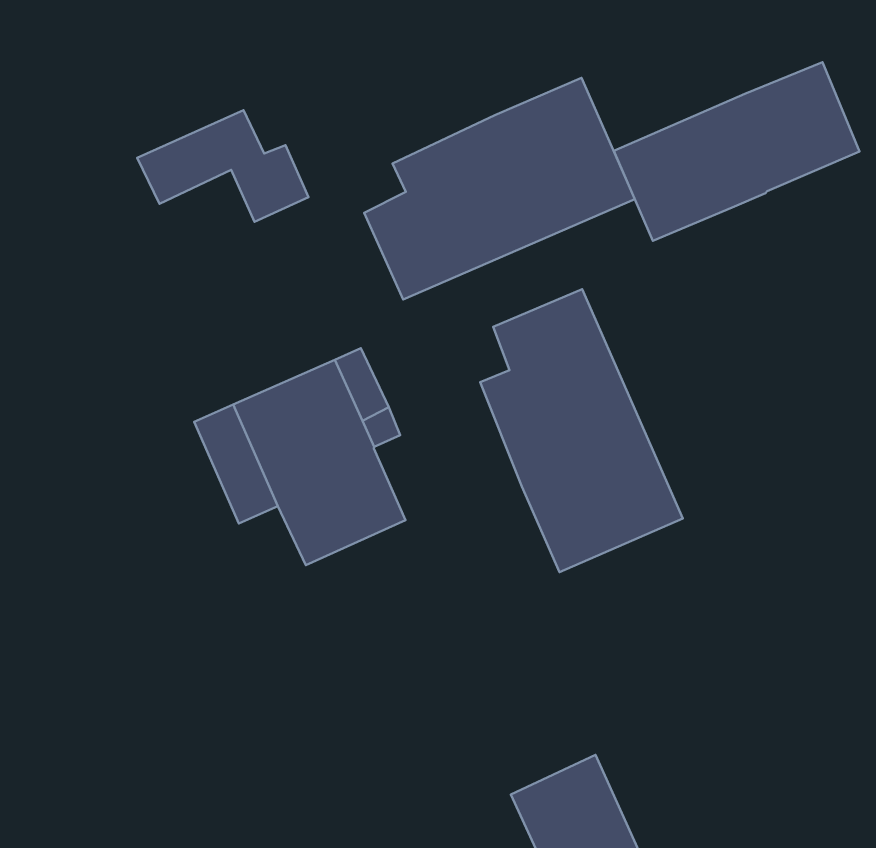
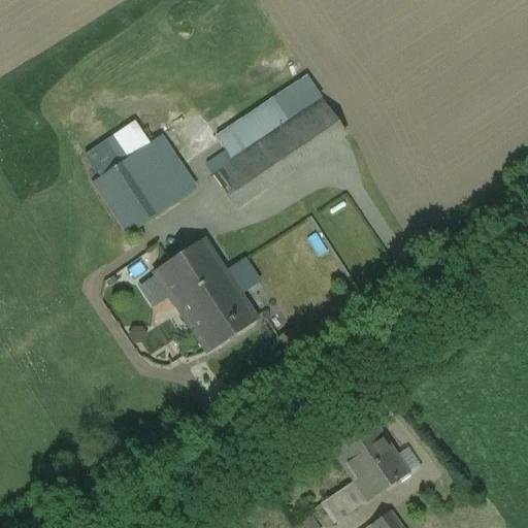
building: [614,62,860,241] -> none
building: none -> [94,152,196,231]
building: [480,289,683,572] -> none

